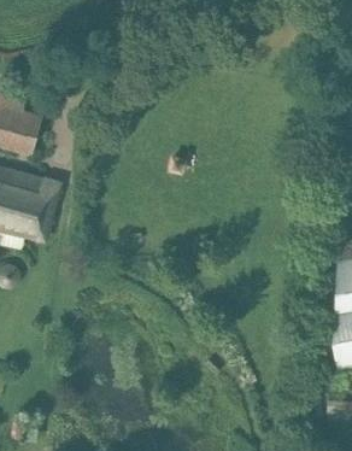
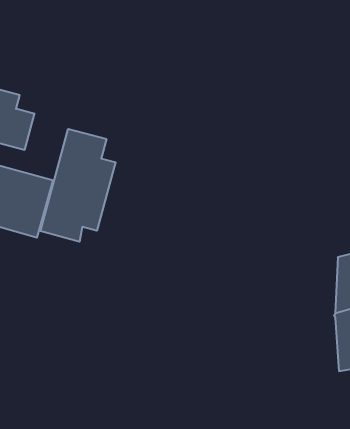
building: none -> [40,129,116,242]

